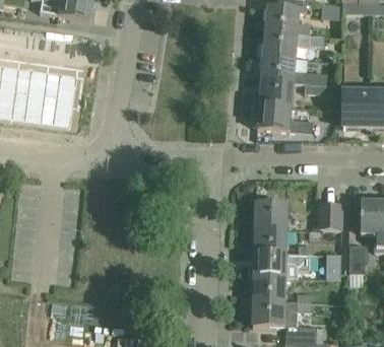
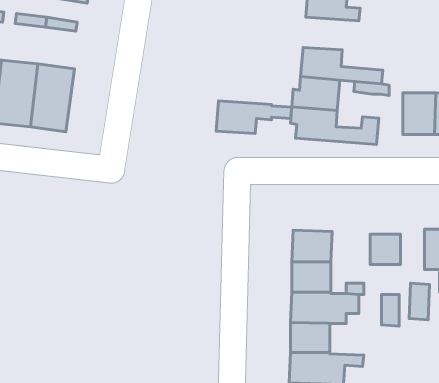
building: [263,31,324,58] -> [216,101,292,134]

